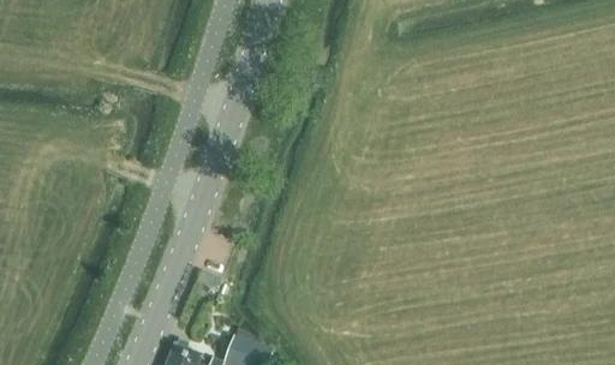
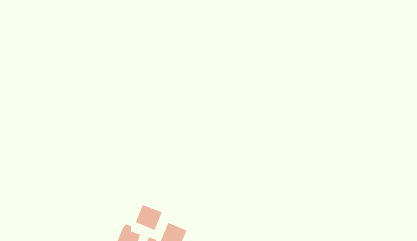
building: none -> [135,204,162,231]

